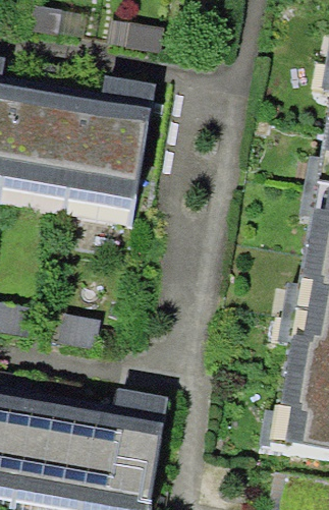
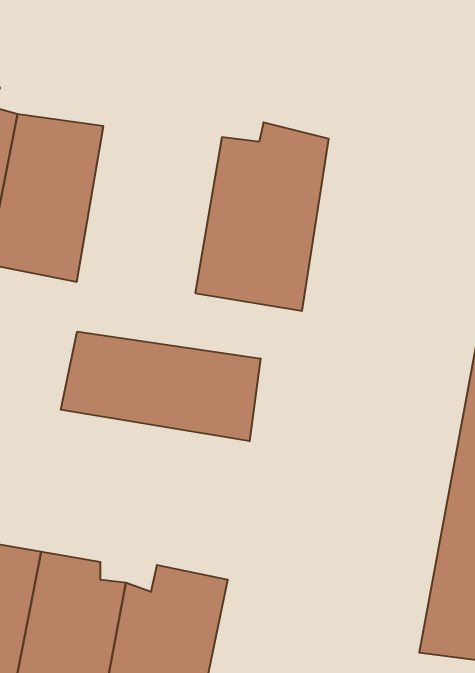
building: [54,84,146,214] -> [195,122,329,311]
building: none -> [61,332,260,441]

